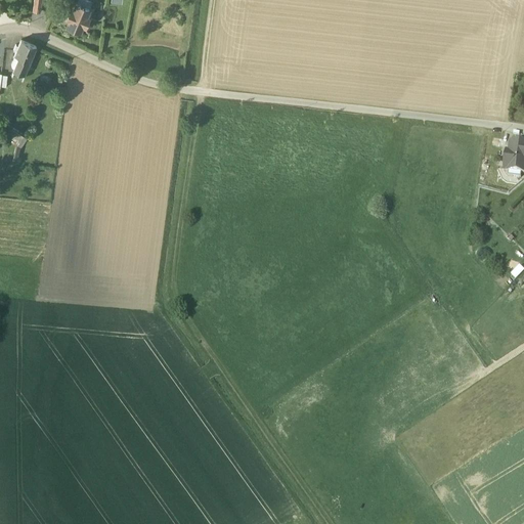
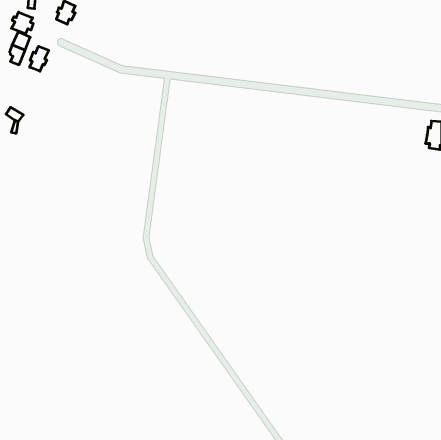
building: none -> [11,12,33,34]
building: none -> [30,46,49,71]

